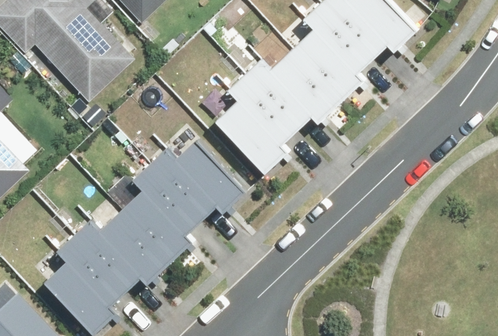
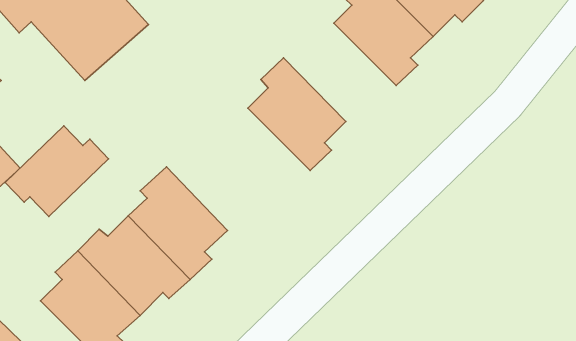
building: [247,48,341,130] -> none
building: none -> [5,126,109,216]
building: [149,139,243,221] -> none

